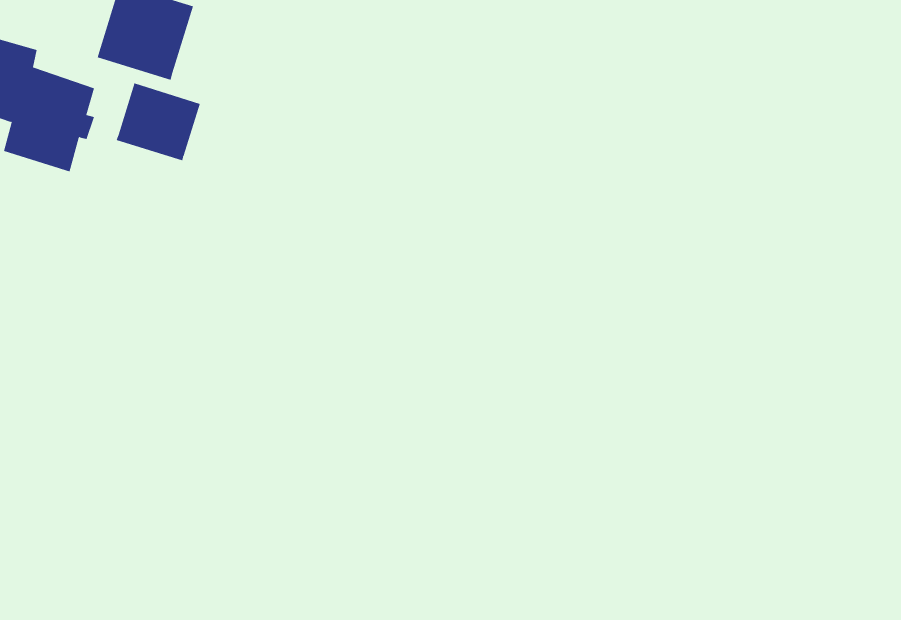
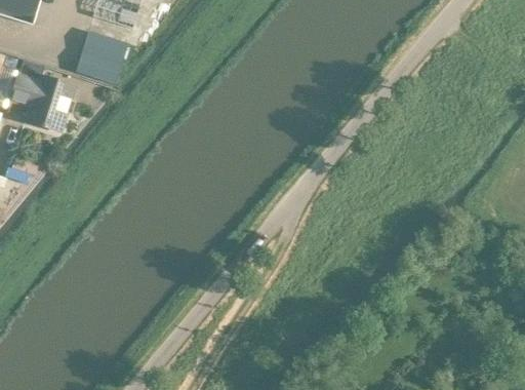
building: [116,82,201,161] -> none

